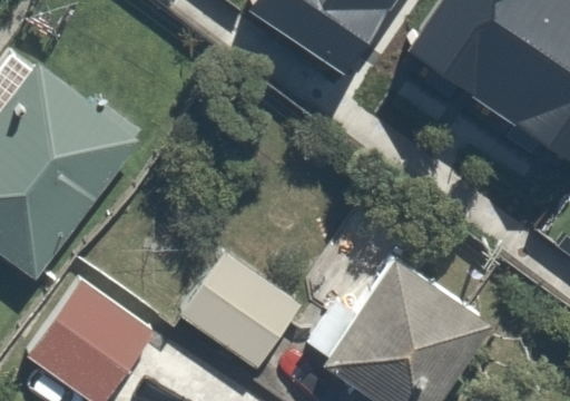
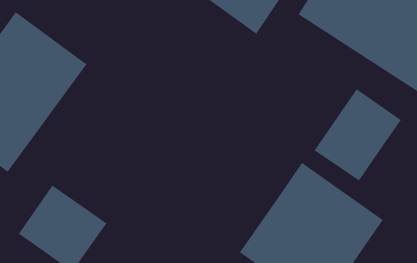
building: none -> [313,88,402,182]
building: [184,254,303,370] -> none

